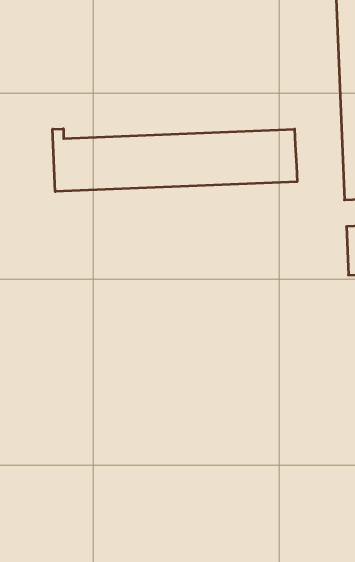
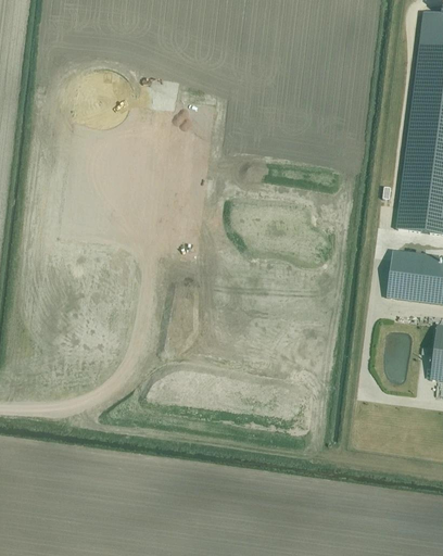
building: [53,129,297,192] -> none

